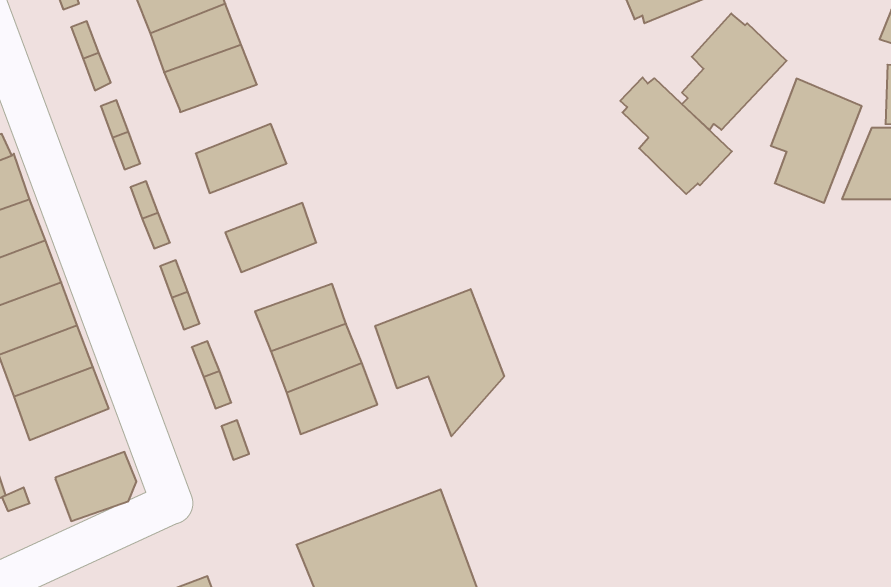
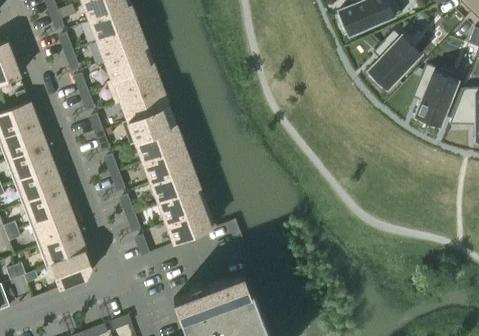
building: [620,77,732,194] -> none
building: none -> [109,66,160,103]
building: none -> [122,106,176,144]
building: none -> [145,146,191,181]
building: [375,289,504,436] -> none
building: none -> [38,230,86,268]

